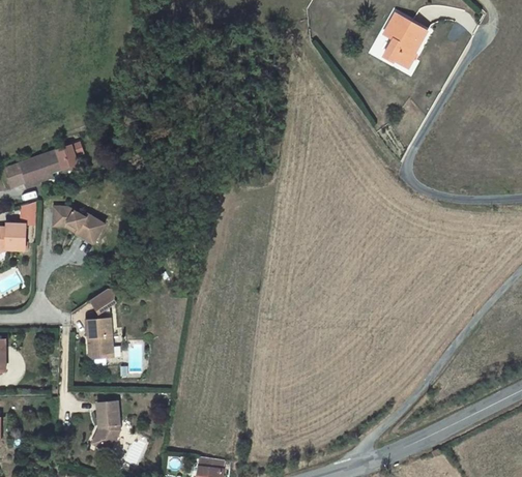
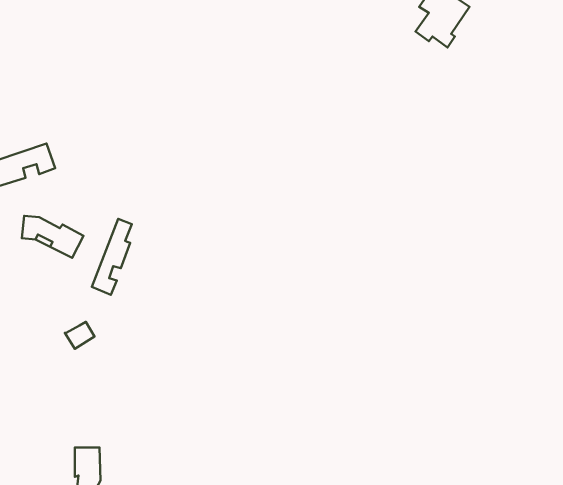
building: none -> [92,219,132,295]
building: [86,320,110,360] -> none

